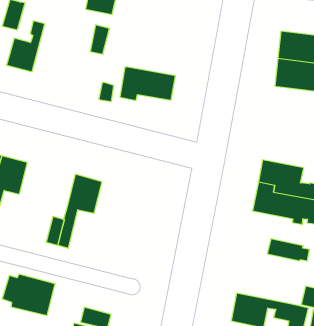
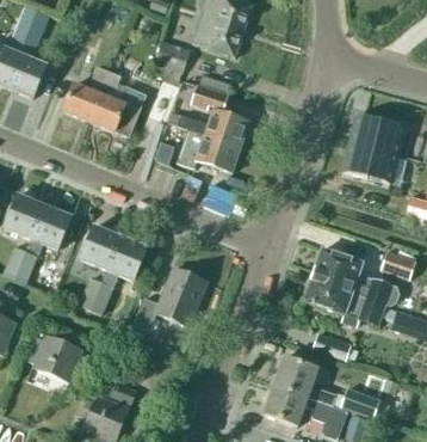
building: none -> [188,84,248,146]
building: none -> [88,72,146,136]
building: none -> [80,225,119,269]
building: none -> [134,268,206,327]
building: none -> [273,355,336,405]

